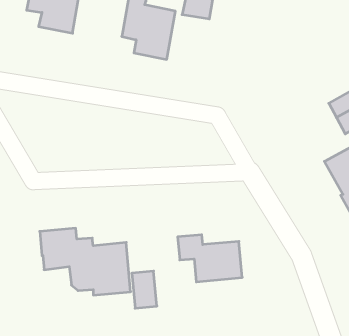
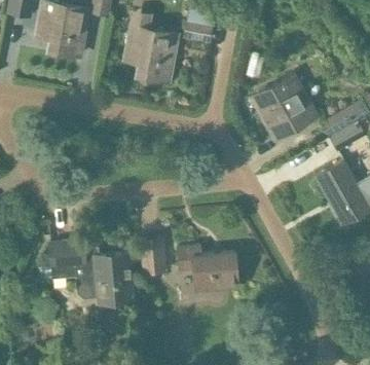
building: none -> [251,76,316,140]
building: [132,271,157,308] -> [142,240,165,275]

